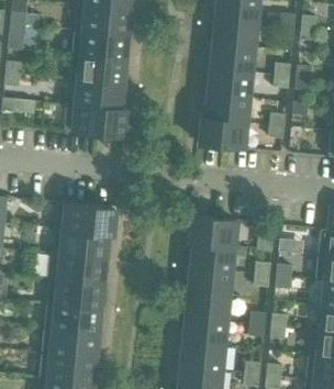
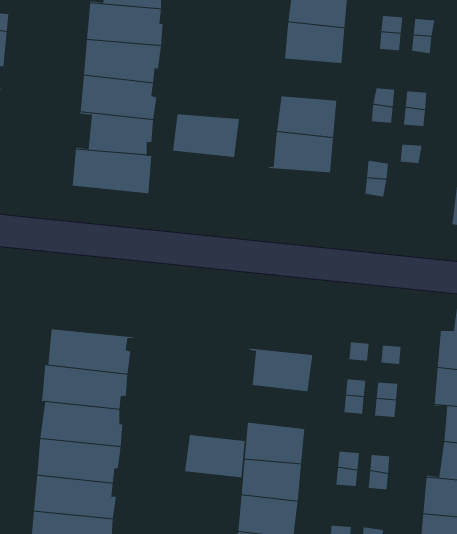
building: [212,43,254,71] -> none
building: [200,118,246,147] -> [172,114,240,157]
building: [55,201,114,233] -> none
building: [190,215,236,245] -> none
building: [189,266,231,296] -> [184,435,245,478]

